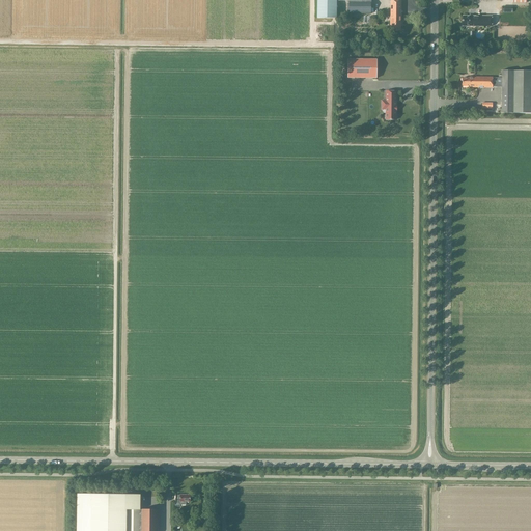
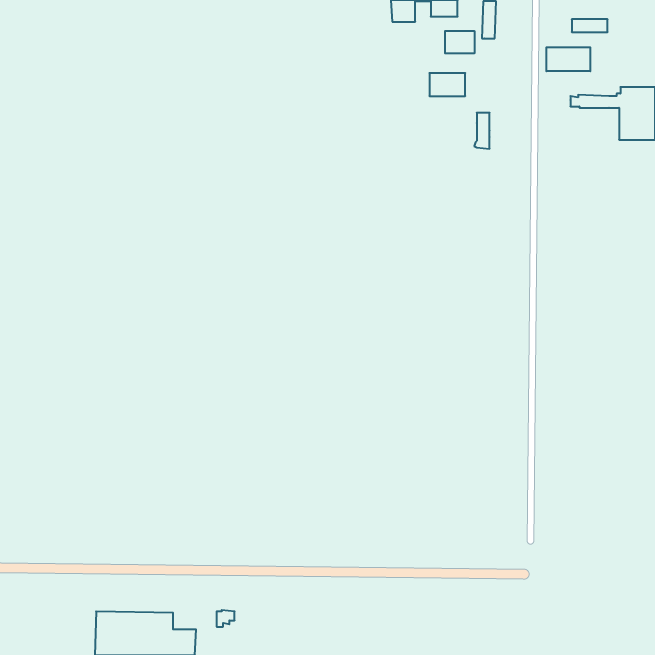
building: none -> [445,31,474,53]
building: none -> [546,47,590,71]

